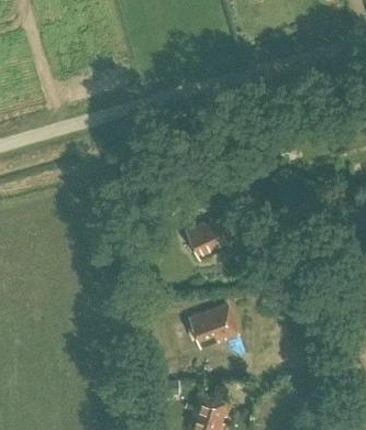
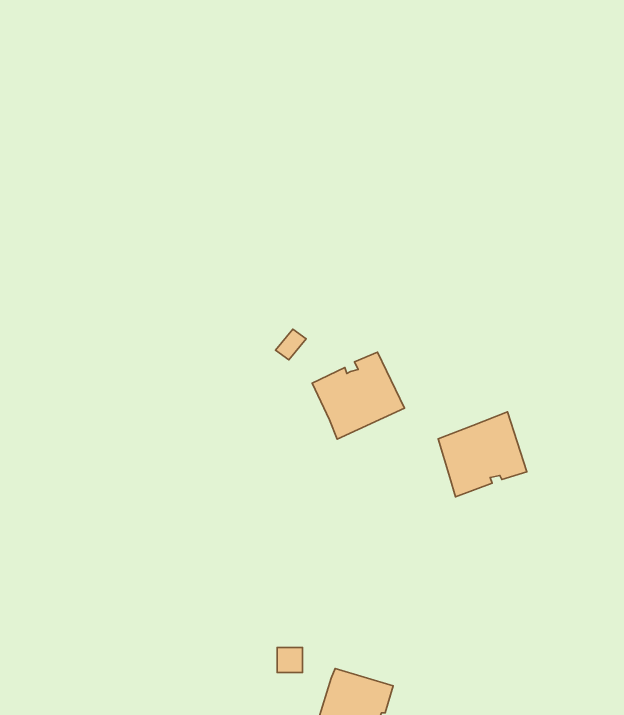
building: [188,304,239,352] -> [438,412,527,497]

